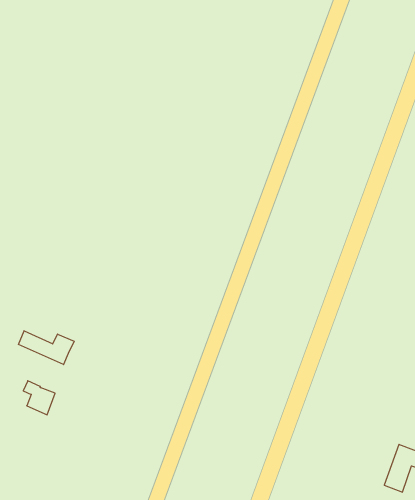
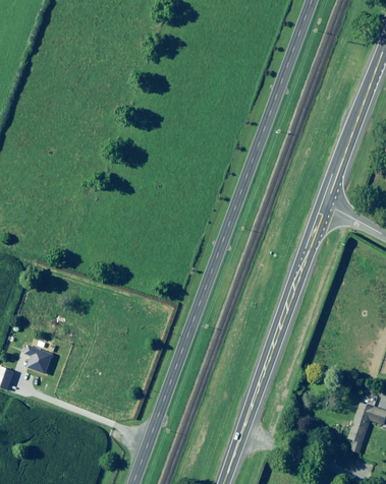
building: [18,331,74,365] -> none

